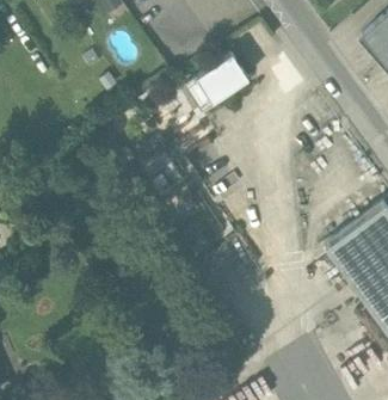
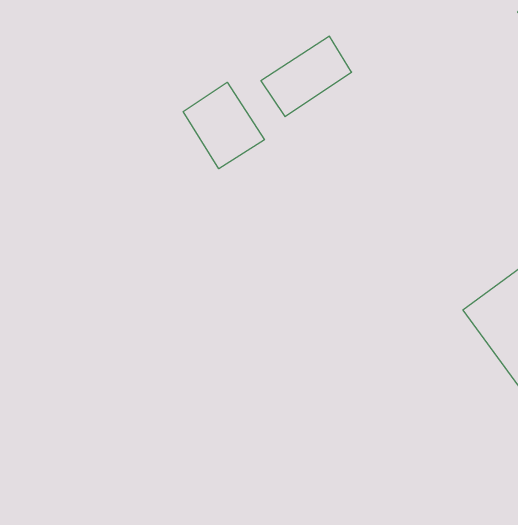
building: none -> [183,82,264,169]

